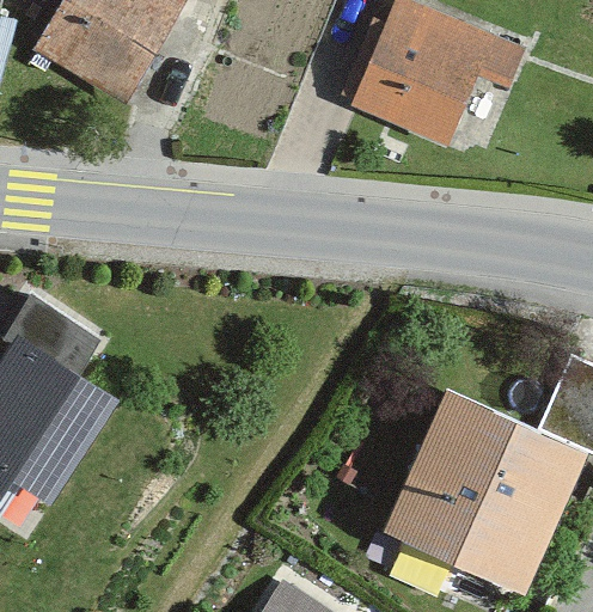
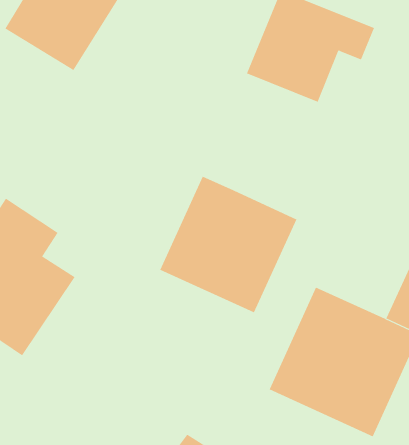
building: none -> [159,176,297,313]

